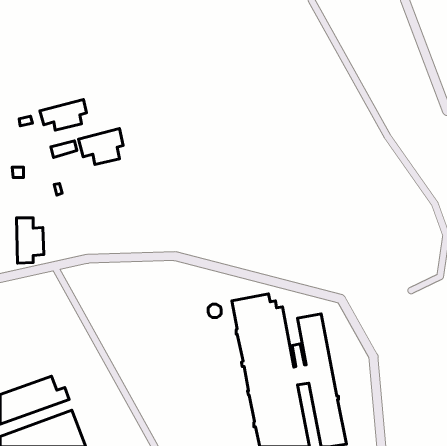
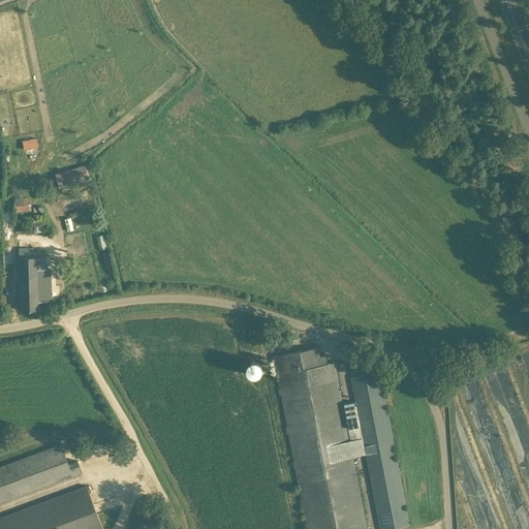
building: [40,99,86,130] -> none
building: [78,129,123,165] -> none

